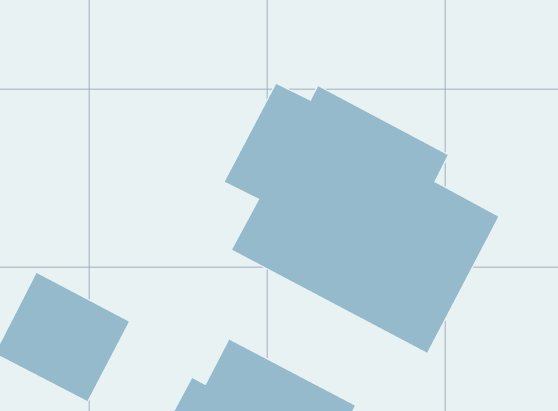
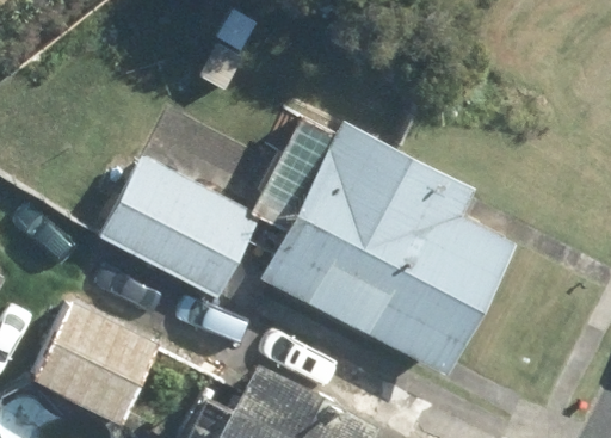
building: none -> [100,156,259,300]

